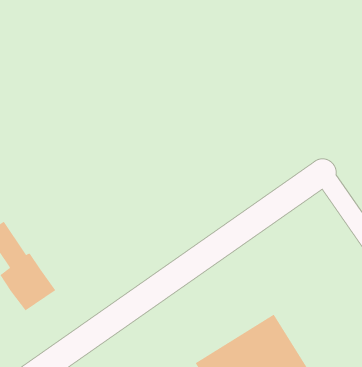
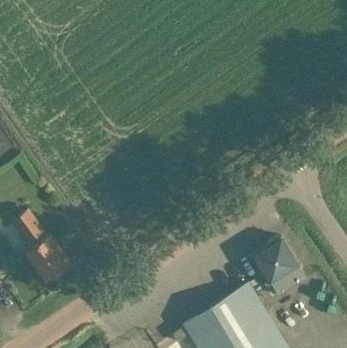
building: none -> [252,236,306,296]

